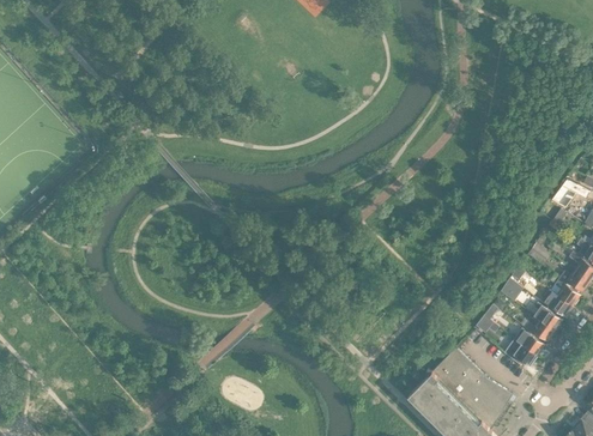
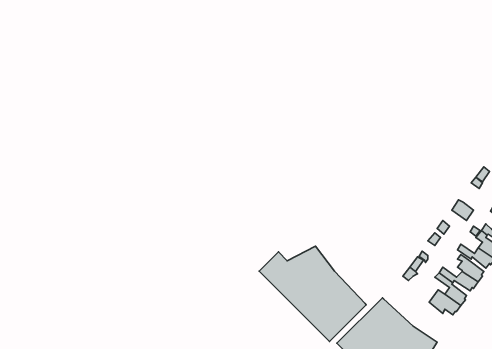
building: none -> [259,246,366,342]

